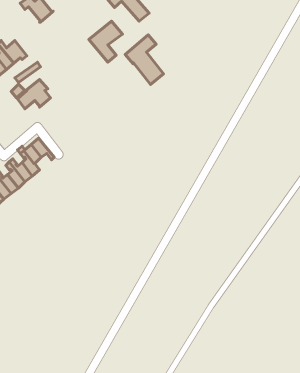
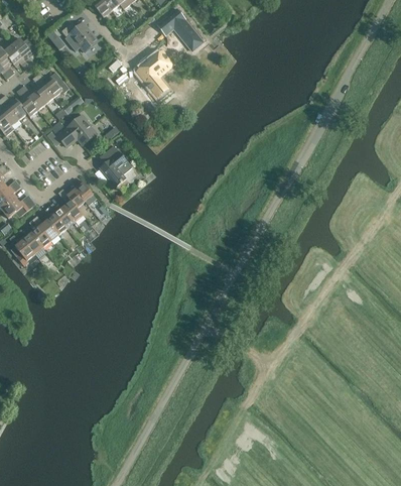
building: [125,35,163,85] -> none
building: none -> [99,145,131,187]

